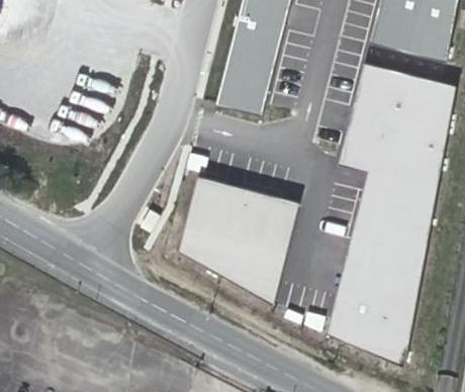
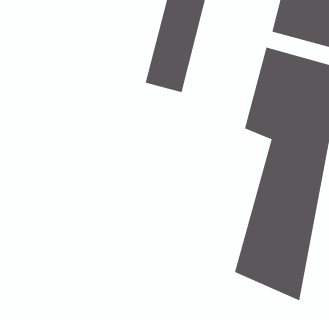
building: [177,175,298,307] -> none

